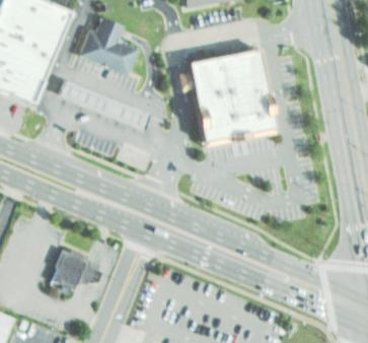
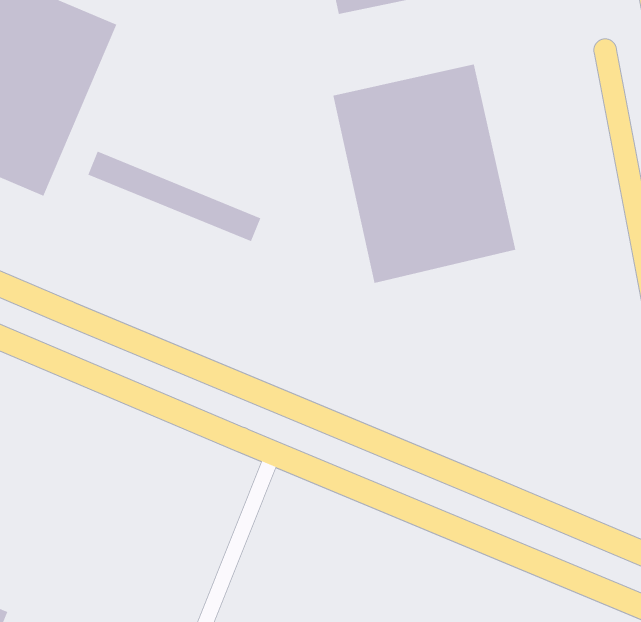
building: [79,16,140,76] -> none
building: [59,253,93,293] -> none

